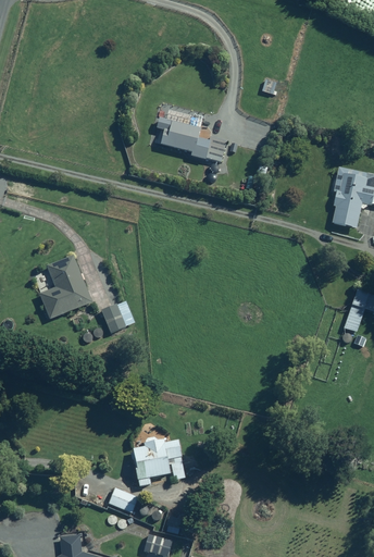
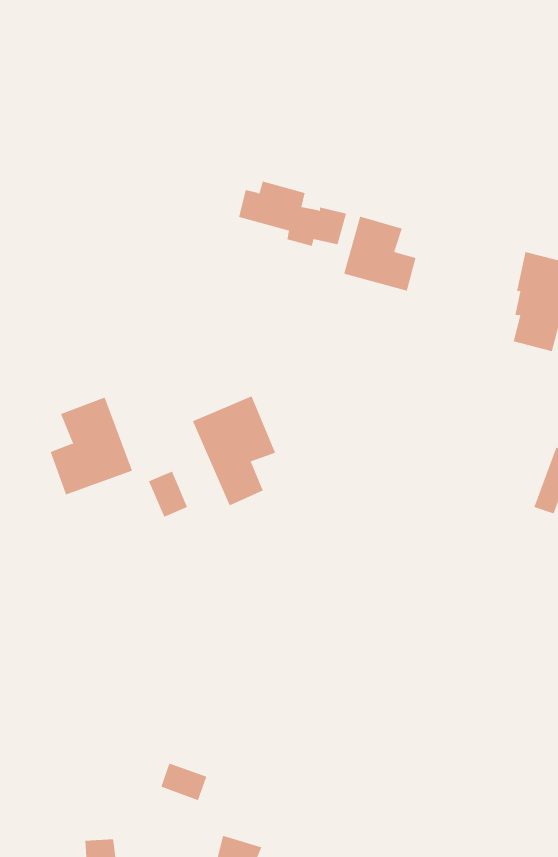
building: none -> [344,216,416,291]
building: none -> [192,395,276,506]
building: [132,437,186,486] -> none

